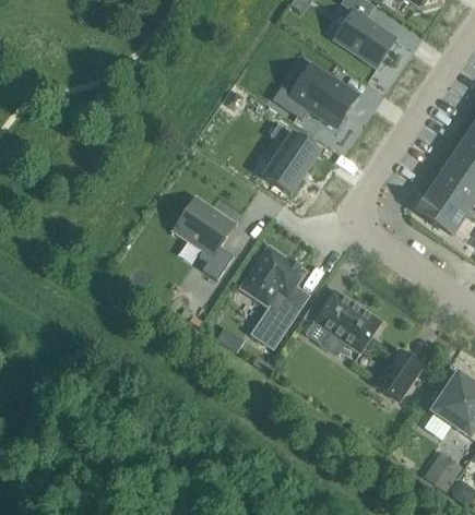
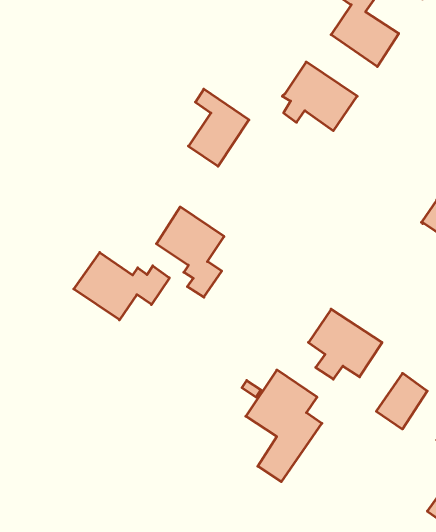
building: [262,123,318,194] -> [188,89,249,166]
building: none -> [74,252,169,320]
building: [239,245,309,348] -> [246,370,322,482]

